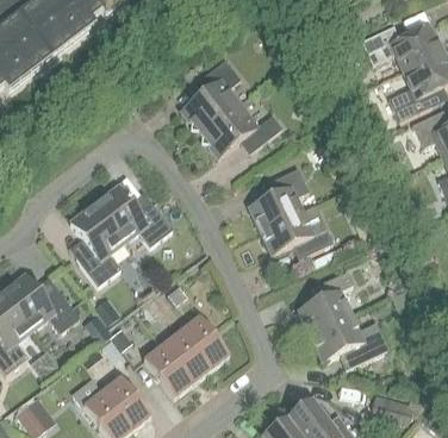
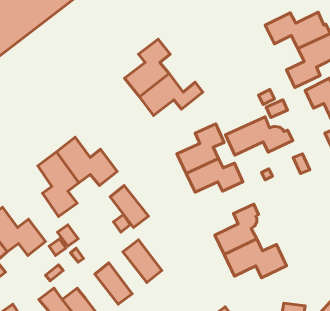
building: none -> [226,117,293,155]
building: [161,330,210,383] -> [110,185,148,227]

